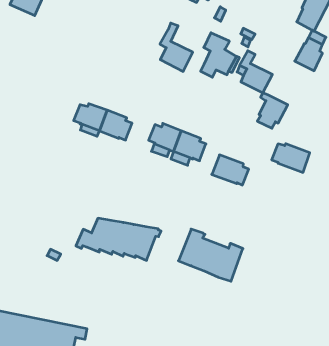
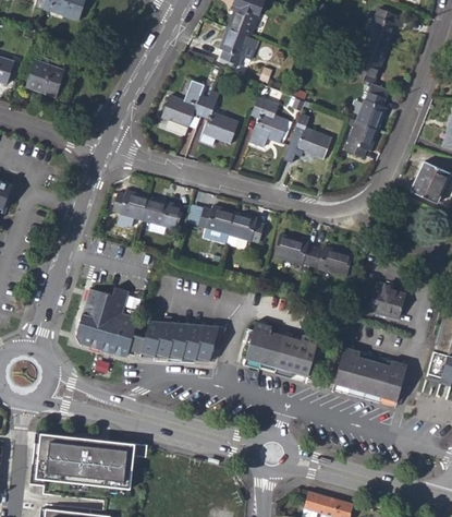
building: none -> [161,81,208,128]
building: [257,93,288,128] -> [345,118,378,157]
building: [272,144,310,172] -> [309,247,352,277]
building: none -> [76,287,138,356]
building: none -> [367,281,405,317]
building: none -> [333,346,407,402]

